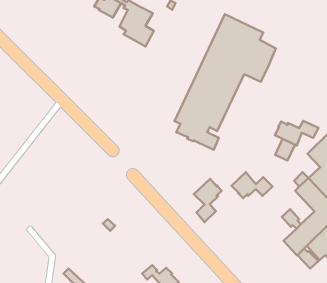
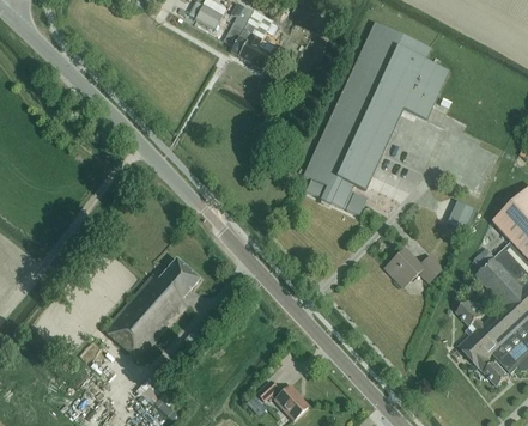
building: [275,121,319,145] -> none
building: [194,179,222,222] -> none
building: none -> [104,258,199,359]

